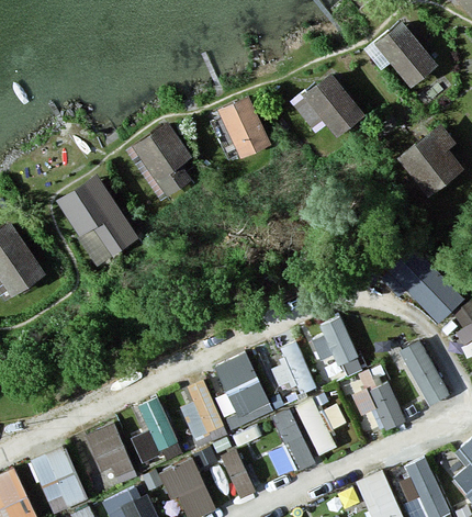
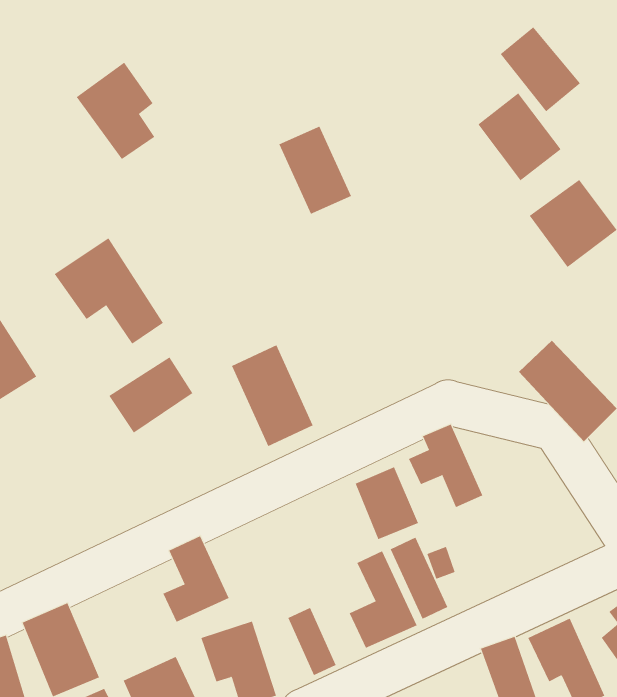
building: [303,79,363,143] -> [477,93,561,181]
building: [132,132,189,202] -> [76,62,155,160]
building: none -> [109,357,193,433]
building: [398,338,450,405] -> none
building: [215,348,274,422] -> [231,344,314,447]
building: [182,378,225,438] -> none
building: [355,380,404,429] -> none
building: [86,422,137,481] -> none

